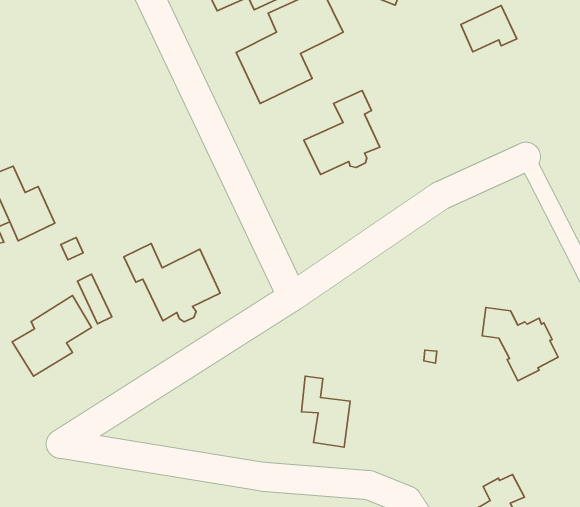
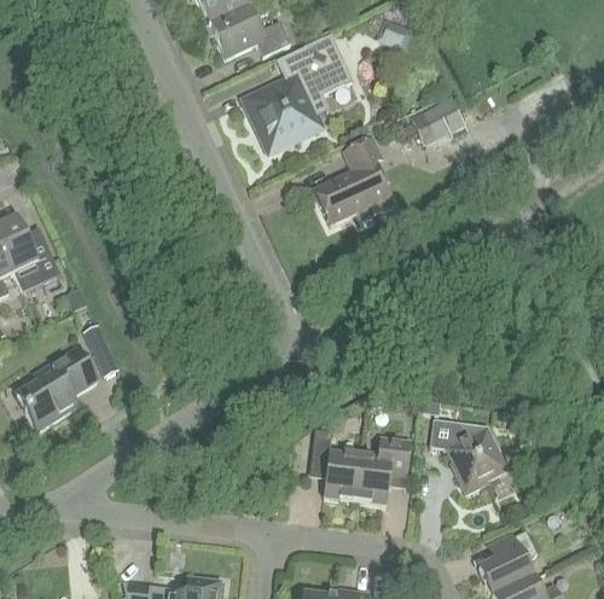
building: [461,6,517,52] -> [412,97,469,144]
building: [124,243,220,322] -> none
building: [482,307,558,381] -> [429,418,506,493]
building: none -> [354,437,411,505]

